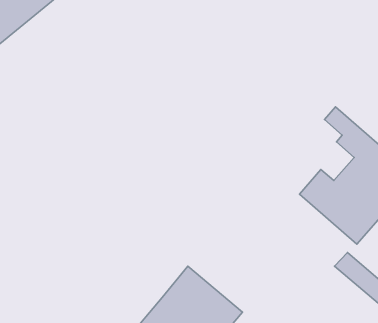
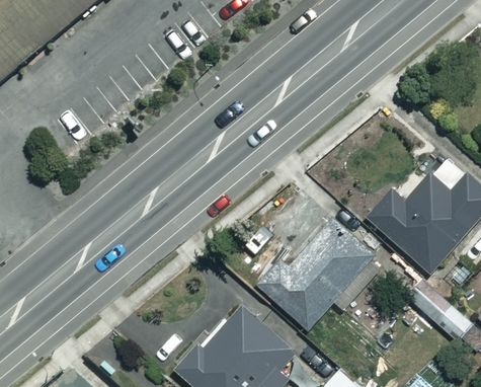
building: none -> [257,220,381,327]

